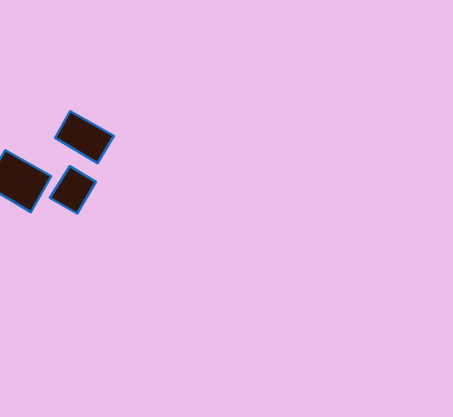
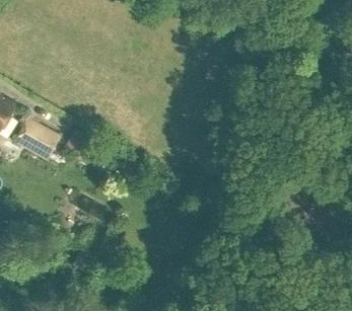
building: [55,111,114,163] -> none

